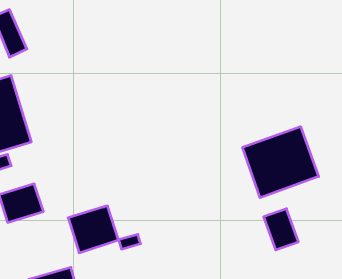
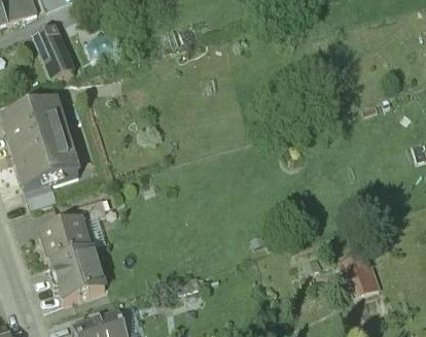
building: [243,127,319,198] -> none
building: [68,206,119,253] -> [50,250,107,303]

